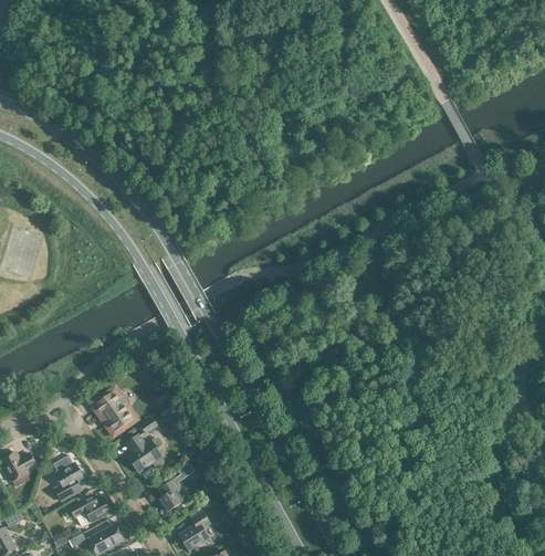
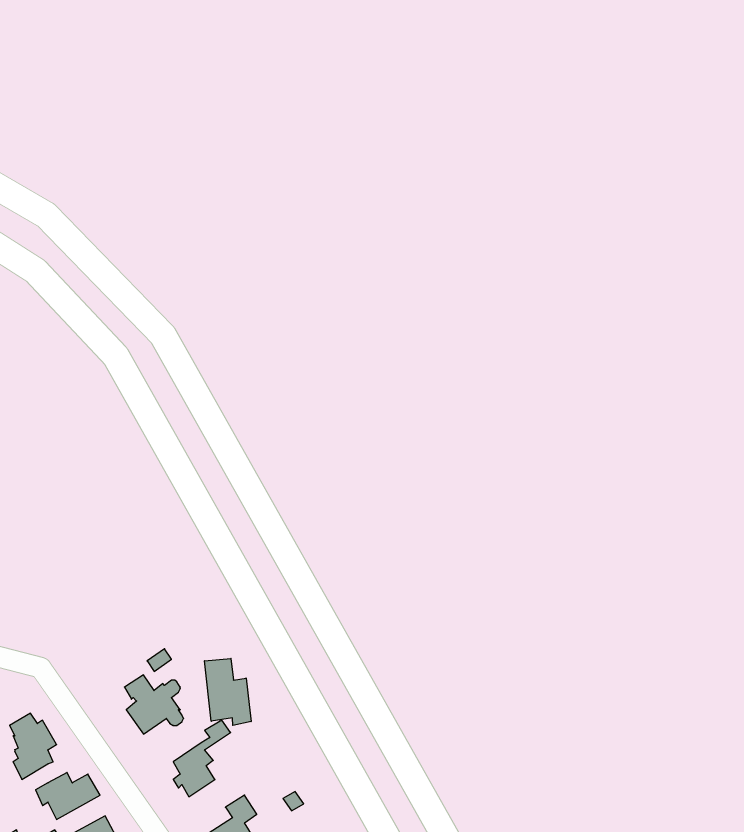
building: [94,386,135,429] -> none
building: none -> [205,658,251,725]

